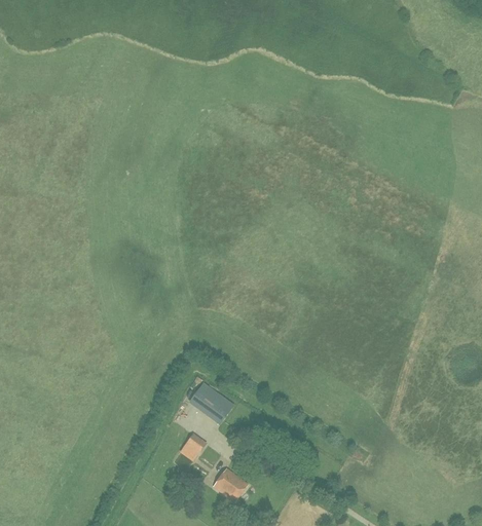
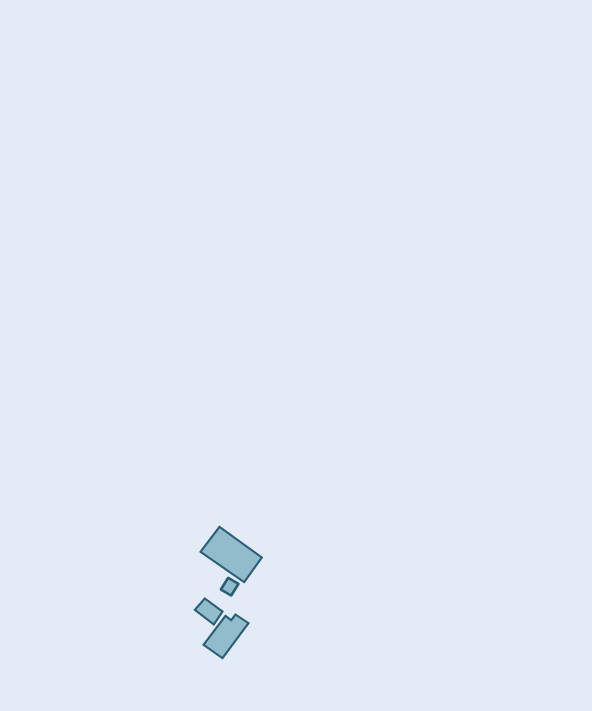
building: [213,467,248,501] -> none

